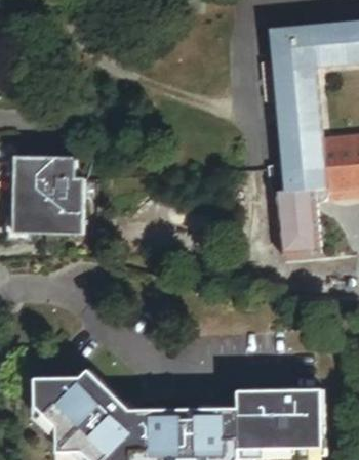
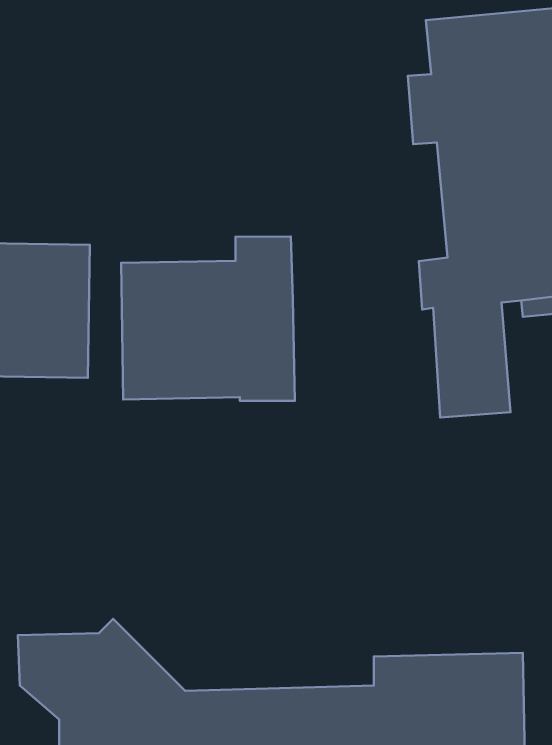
building: none -> [121,237,295,401]

